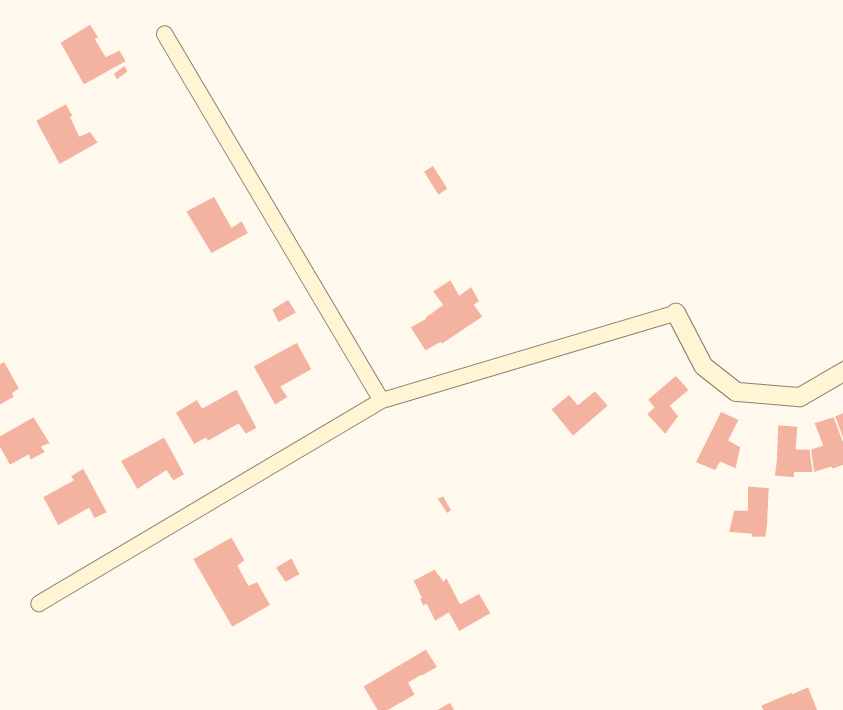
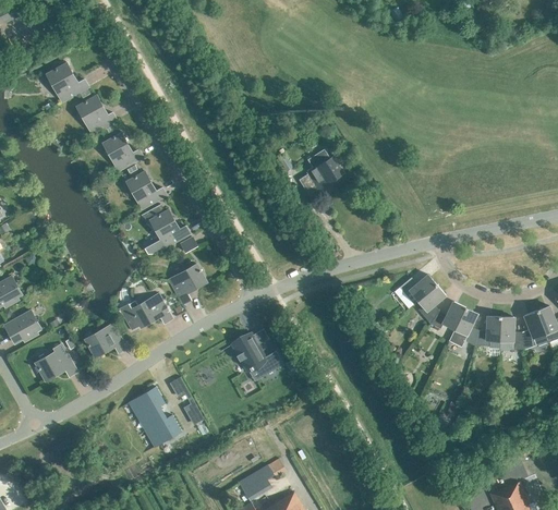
building: [35,103,99,165] -> [76,95,117,134]
building: none -> [102,132,143,170]
building: none -> [141,204,190,253]
building: [410,279,484,351] -> [298,148,344,194]
building: [550,390,609,437] -> [399,275,436,304]
building: none -> [429,301,464,329]
building: [728,486,770,538] -> [474,315,500,348]
building: [412,569,492,632] -> [232,336,282,376]

